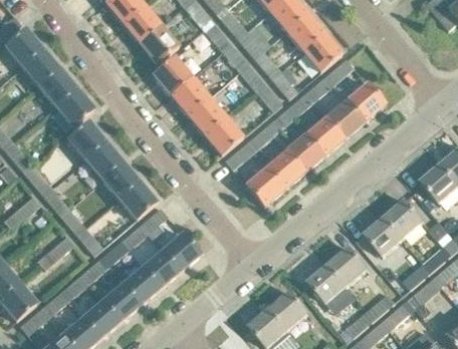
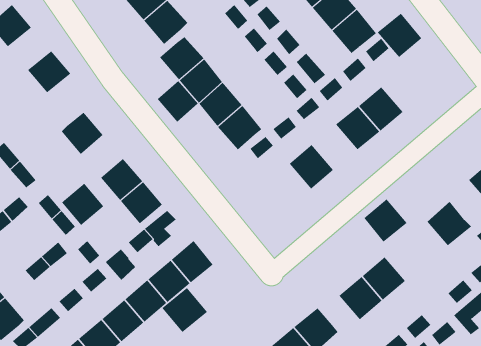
building: [22,48,60,85] -> none
building: [347,82,386,121] -> [377,13,422,58]
building: [56,88,94,125] -> none
building: none -> [157,80,198,122]
building: [286,132,325,171] -> none
building: [85,141,123,179] -> [61,183,104,226]
building: [246,166,285,206] -> none
building: [366,217,404,255] -> [364,199,408,243]
building: none -> [161,287,208,333]

